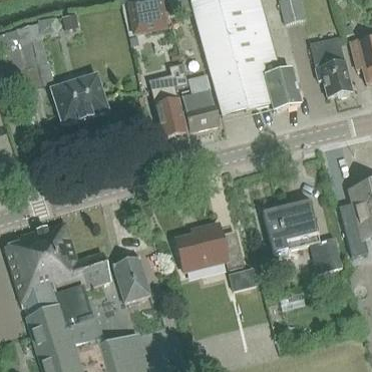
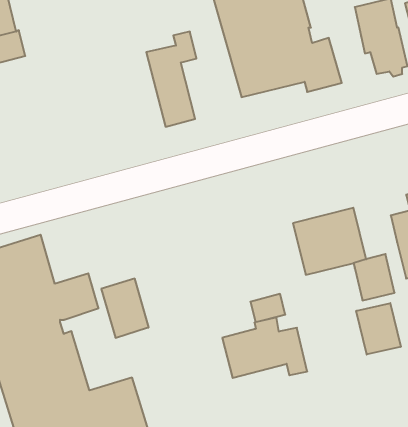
building: [50,73,108,124] -> none
building: [181,75,219,130] -> none
building: [176,224,243,271] -> [222,317,307,378]
building: none -> [356,303,401,355]

